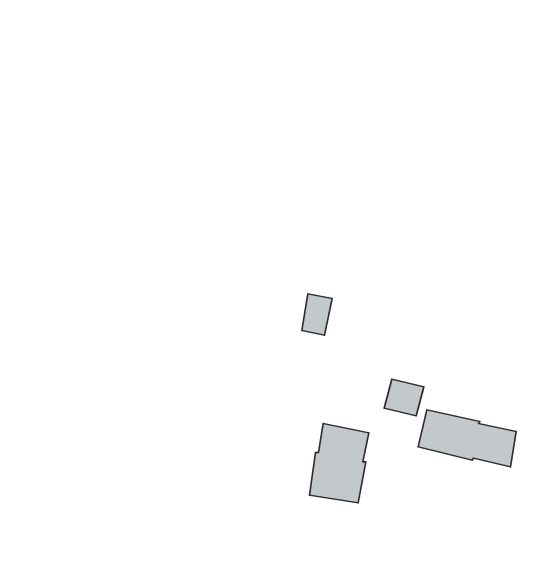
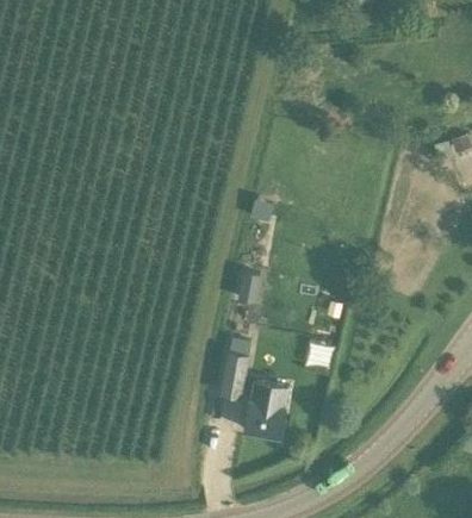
building: none -> [218,343,250,404]
building: [418,410,516,467] -> none

